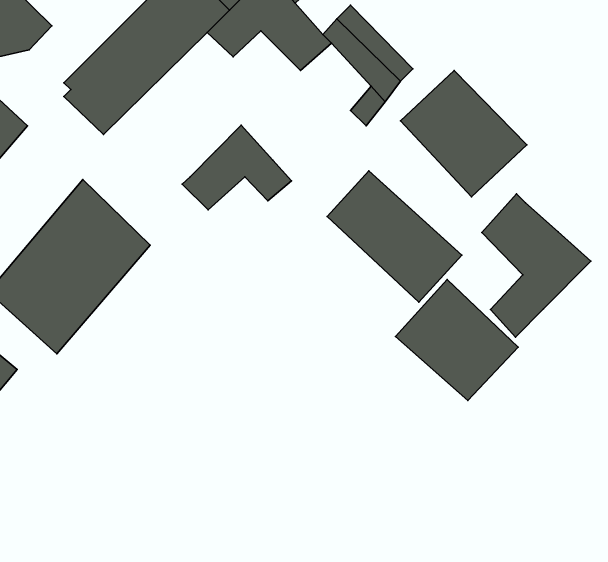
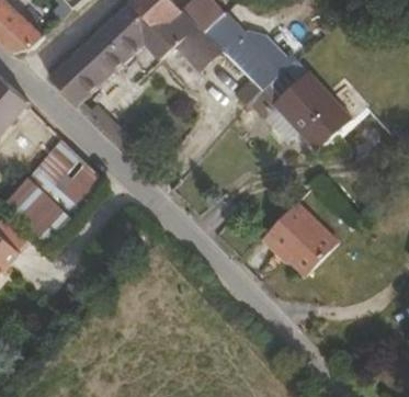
building: [182,125,291,210] -> none
building: [327,171,462,302] -> none
building: [482,194,591,337] -> none

